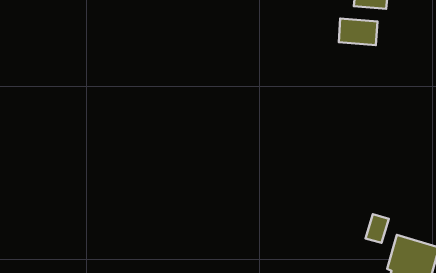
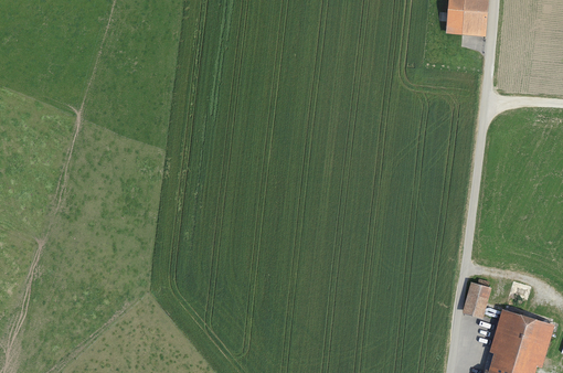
building: [339,18,377,45] -> none

